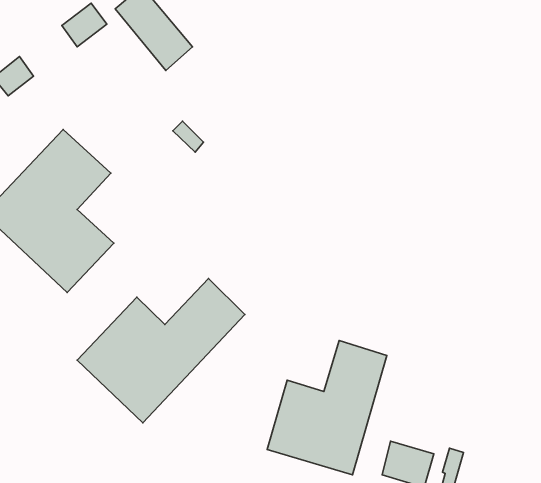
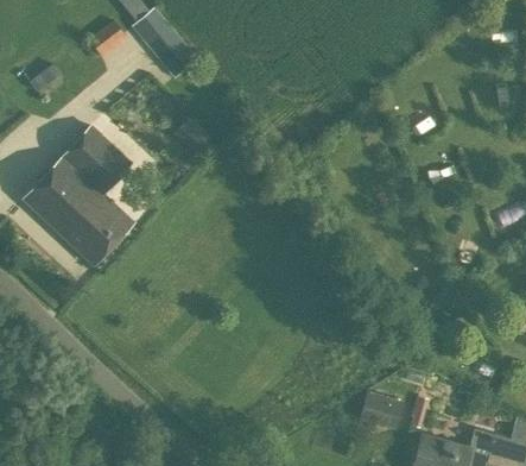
building: [77,279,245,423] -> none
building: [267,341,387,475] -> none

